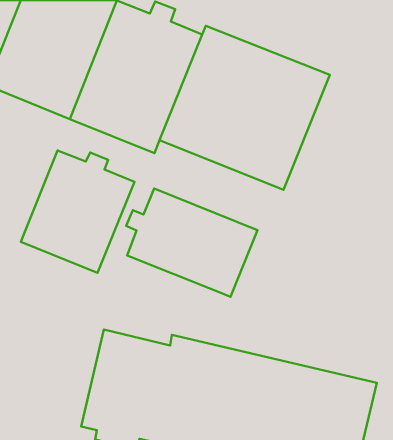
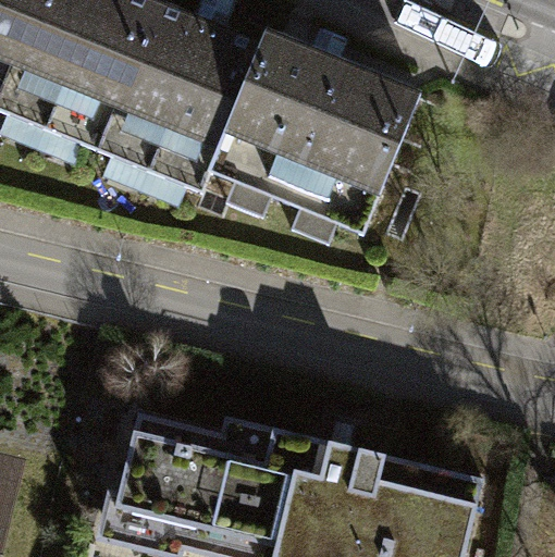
building: [21,150,134,273] -> none
building: [126,188,257,297] -> none

